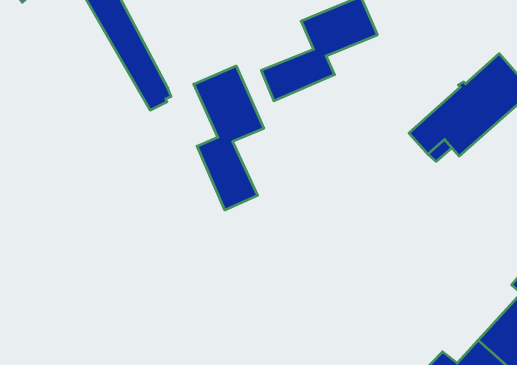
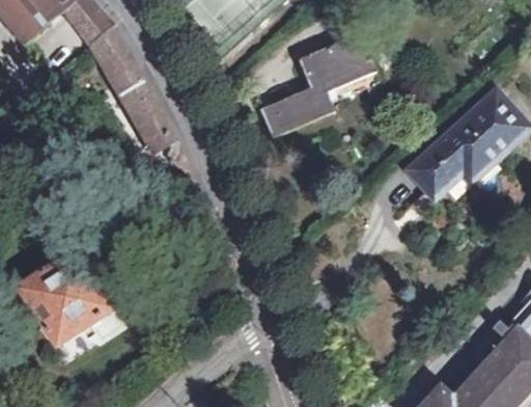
building: [194,66,264,210] -> none
building: none -> [18,249,110,342]

